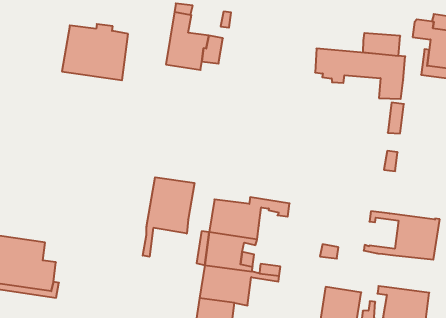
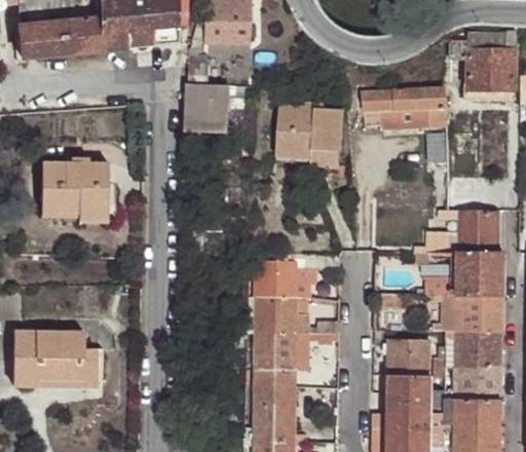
building: [62,24,128,80] -> [42,160,108,217]
building: [363,33,400,56] -> [380,108,420,130]
building: none -> [273,104,342,166]
building: none -> [448,211,497,252]
building: [143,177,194,257] -> none
building: none -> [441,295,501,331]

